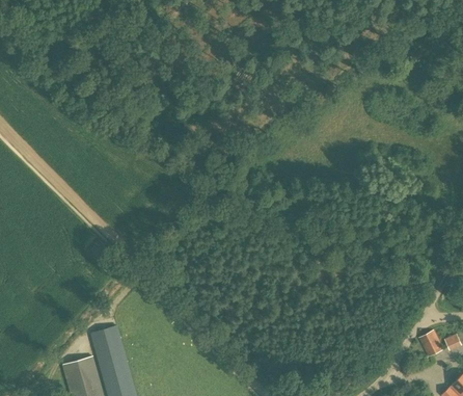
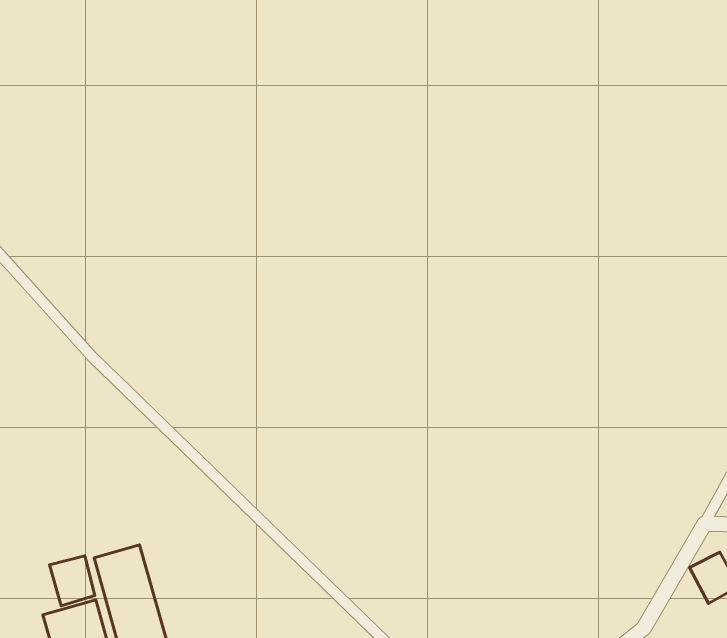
building: none -> [50,556,95,606]

